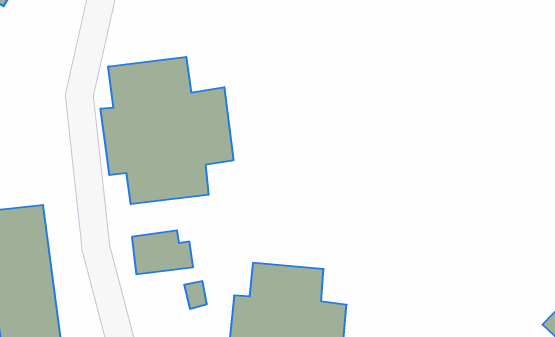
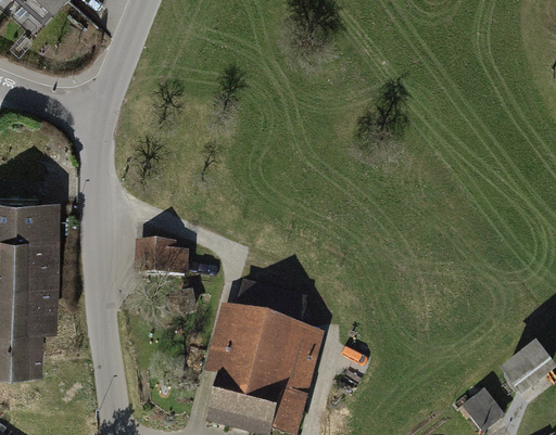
building: [100,57,233,204] -> none

